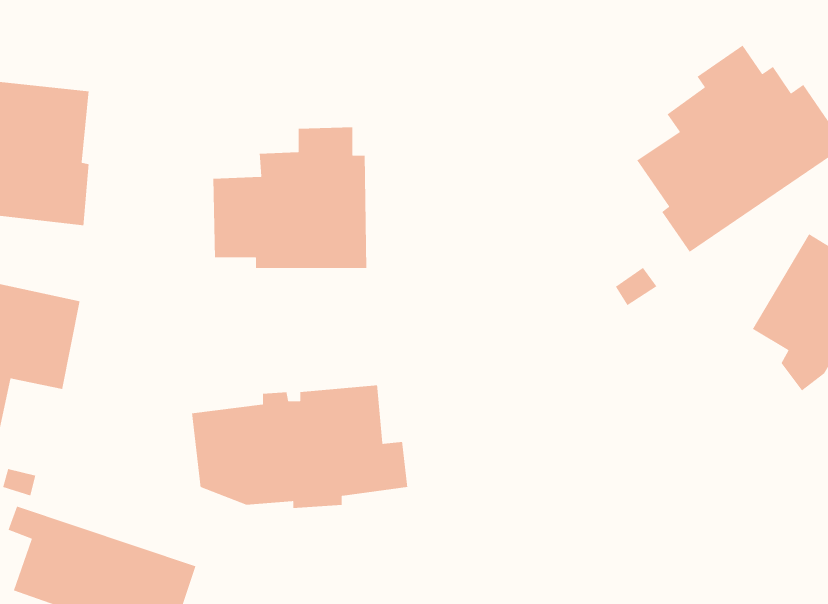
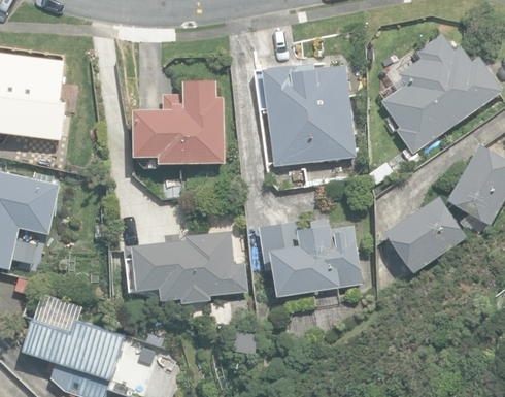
building: none -> [263,64,354,165]
building: none -> [384,196,468,274]
building: none -> [258,220,363,295]

